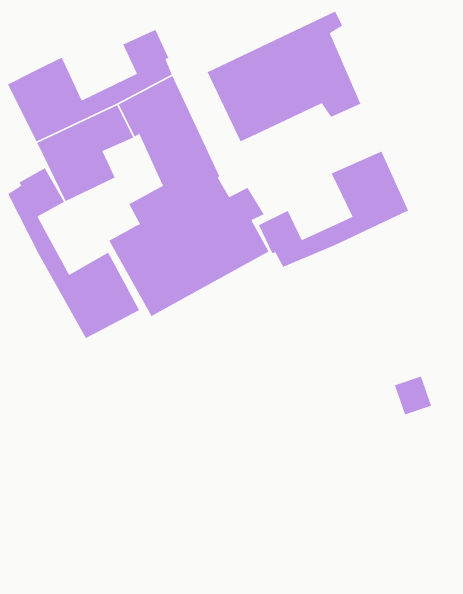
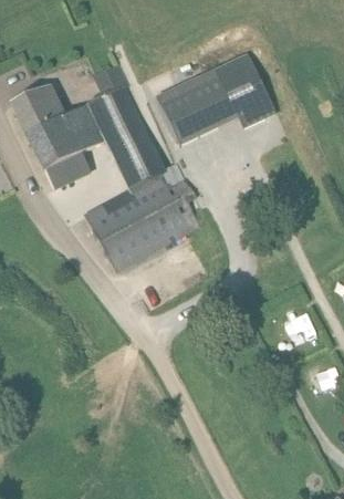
building: [258,150,409,268] -> none
building: [7,167,140,339] -> none

